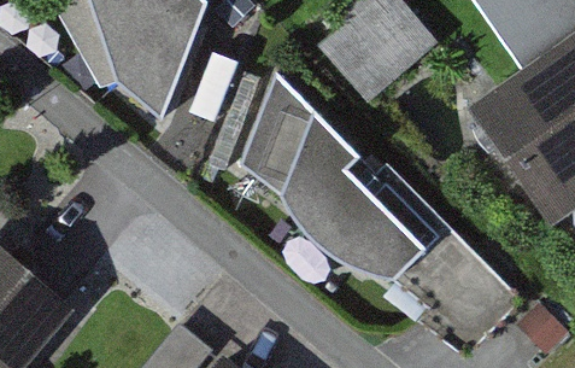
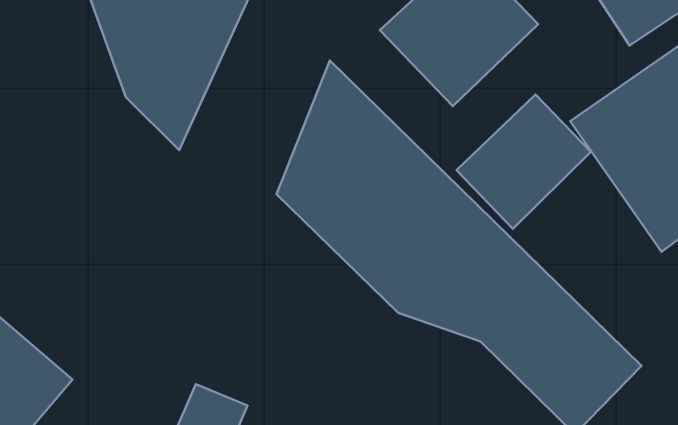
building: none -> [456,94,591,229]

